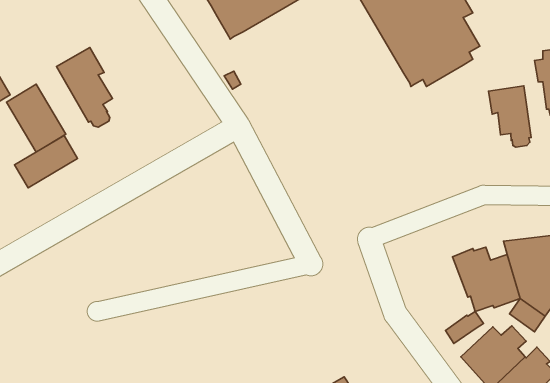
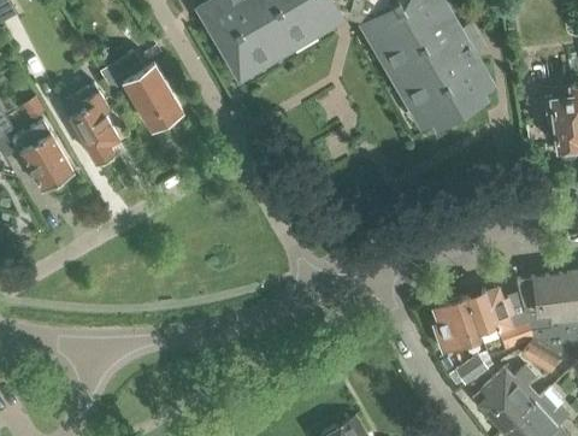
building: none -> [104,54,184,129]
building: [489,86,531,147] -> none
building: [15,136,77,188] -> none
building: none -> [432,297,479,352]

